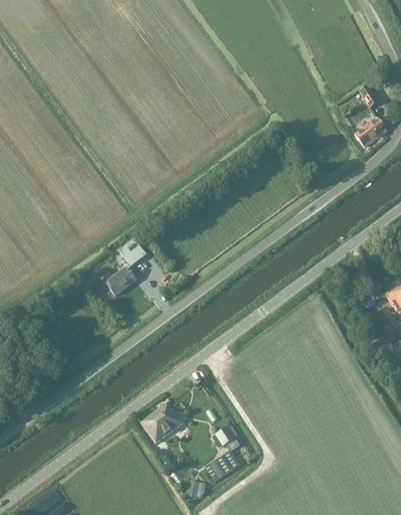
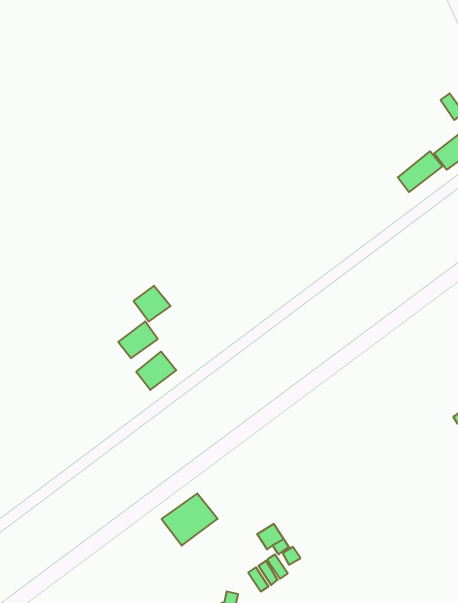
building: none -> [398,151,443,192]
building: none -> [136,352,176,390]

